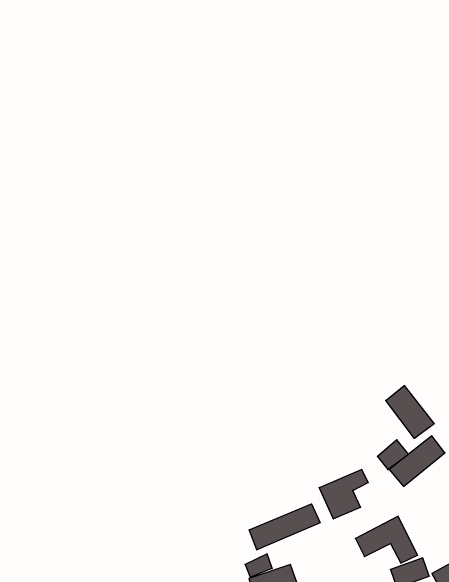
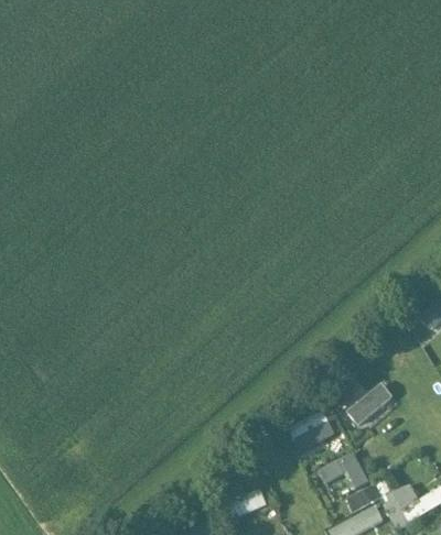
building: [386,386,434,438] -> none
building: [249,504,320,550] -> none

